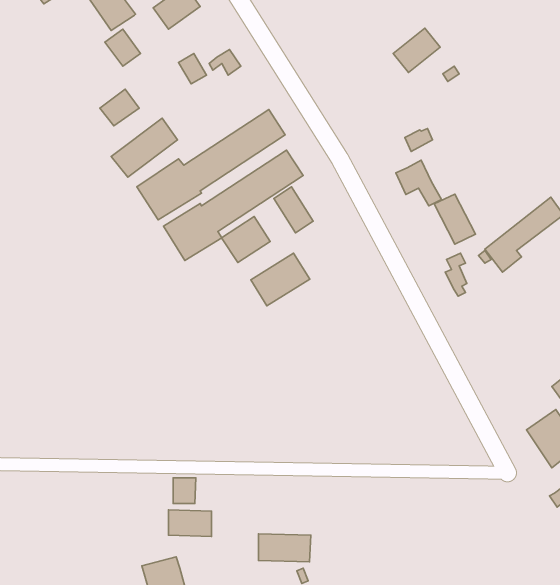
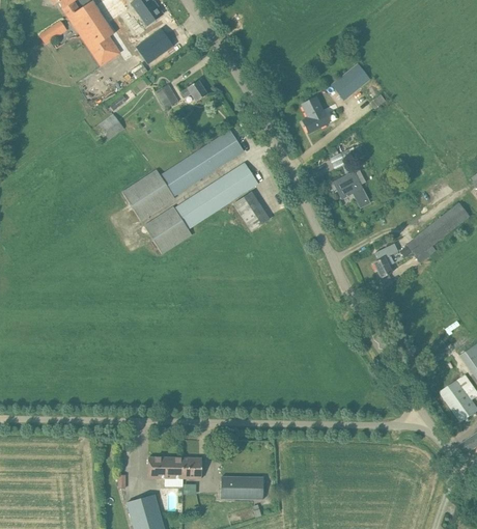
building: none -> [302,96,330,133]
building: [111,118,177,177] -> none
building: [434,194,476,244] -> none
building: [222,217,270,263] -> none
building: [251,253,310,306] -> none
building: [173,478,196,503] -> [184,457,202,478]

